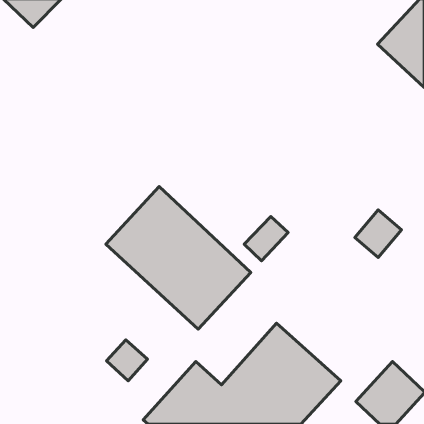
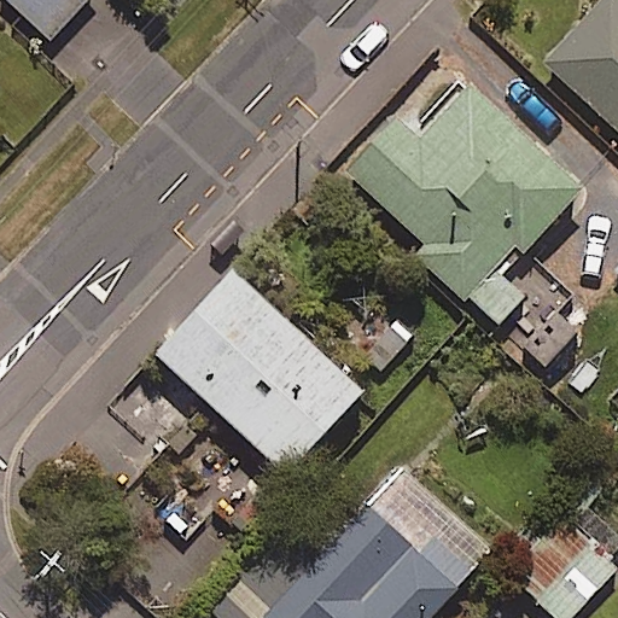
building: none -> [350,84,581,328]

